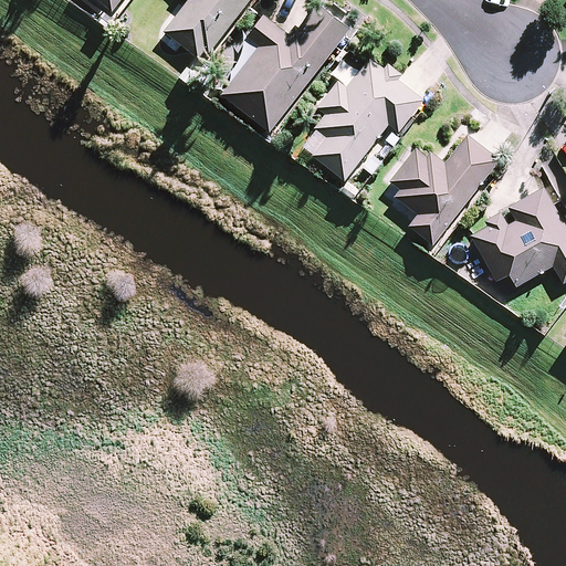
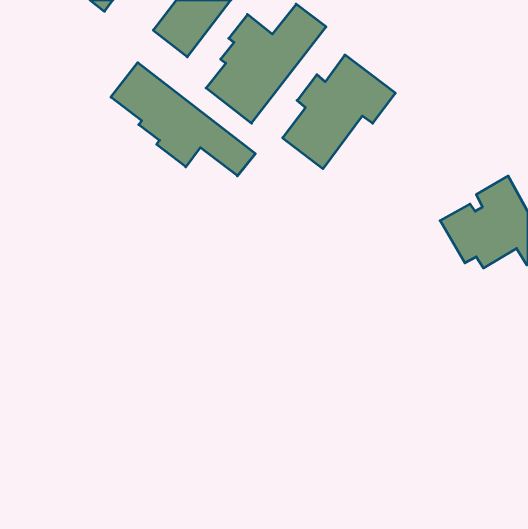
building: none -> [111,63,255,176]
building: [385,136,497,245] -> none

